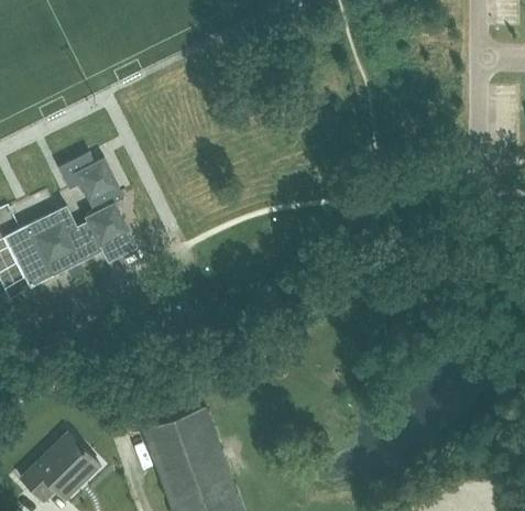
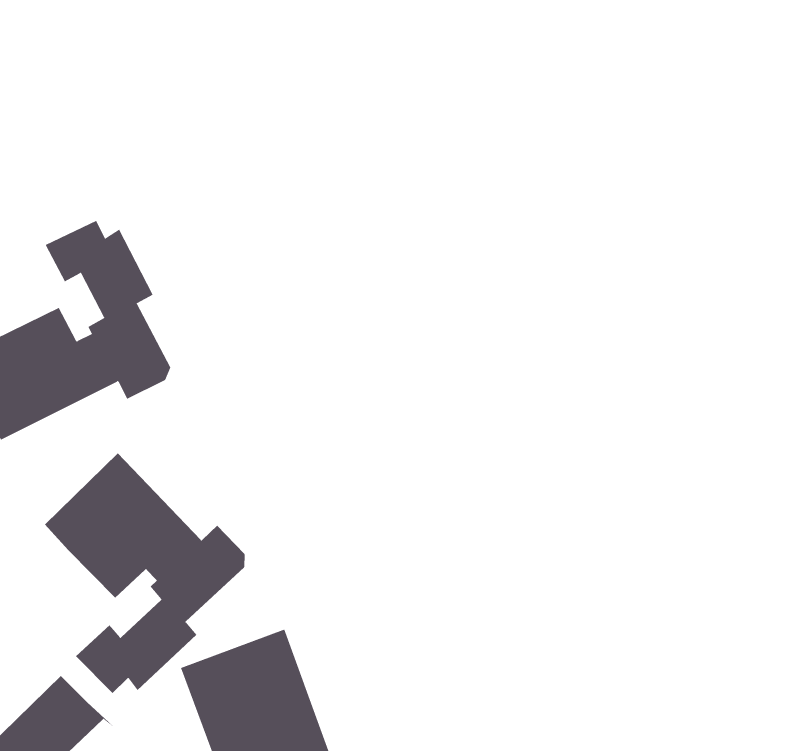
building: none -> [44,452,245,694]

